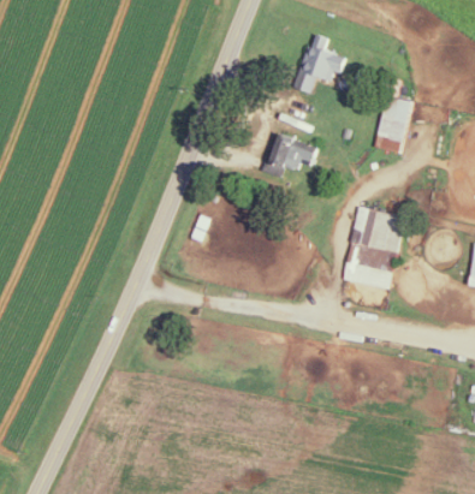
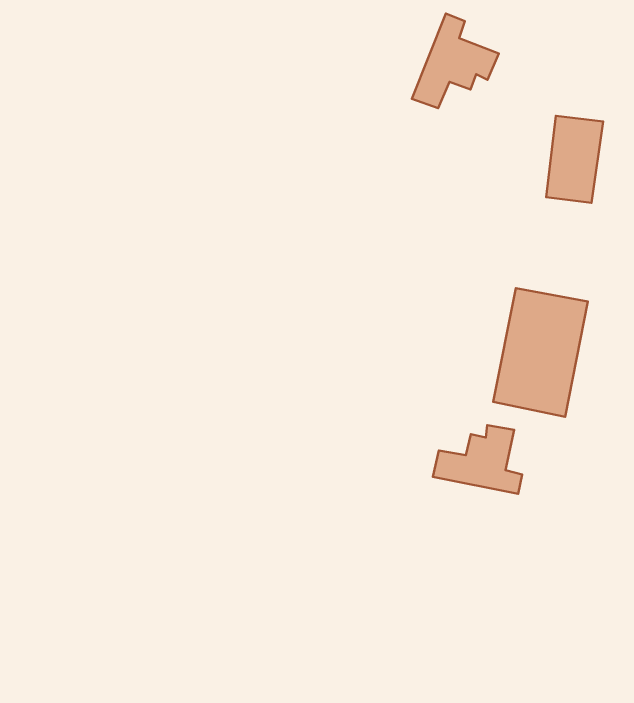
building: [267,136,317,171] -> none
building: none -> [433,425,522,494]

